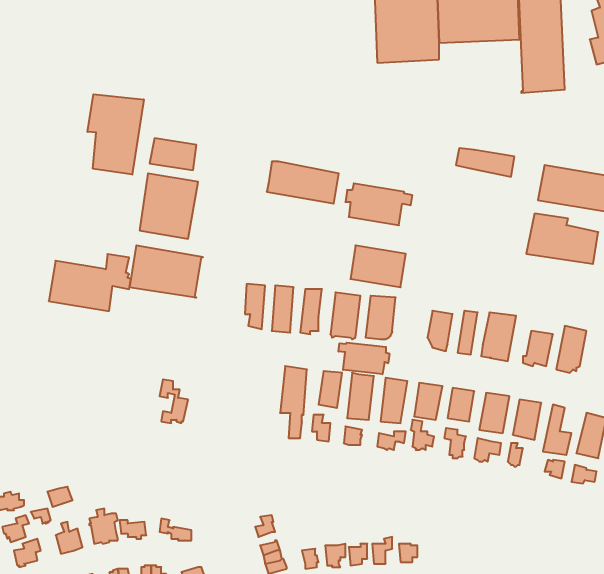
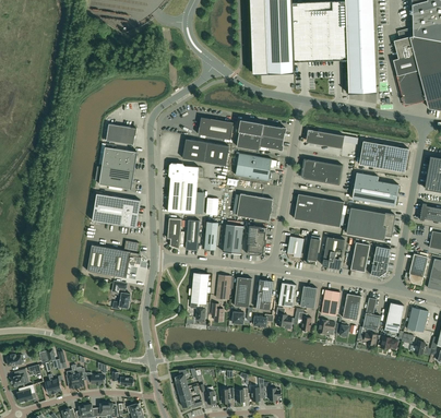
building: [88,94,144,175] -> none
building: none -> [198,117,234,140]
building: none -> [237,119,286,150]
building: none -> [301,158,343,184]
building: none -> [168,162,199,213]
building: none -> [295,193,344,226]
building: [49,254,131,311] -> [87,240,141,277]
building: none -> [346,207,395,240]
building: [339,343,389,374] -> none

